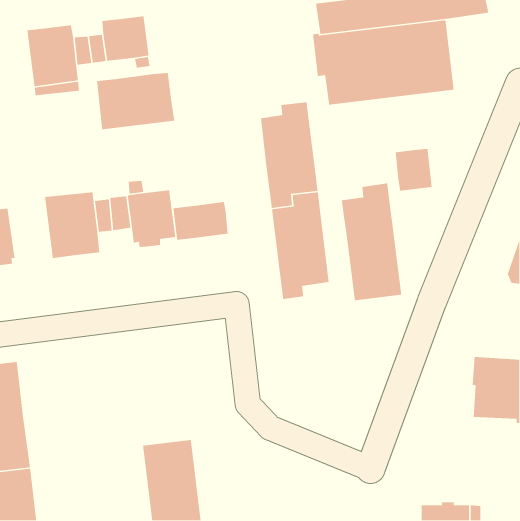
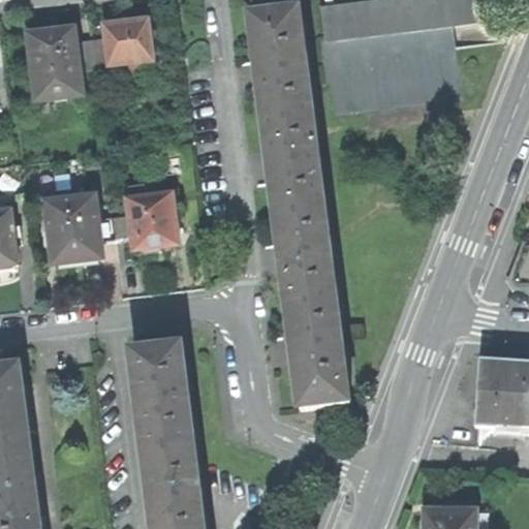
building: none -> [249,6,310,119]
building: [96,72,175,130] -> none
building: [395,148,433,192] -> none
building: [341,182,402,301] -> [285,285,347,405]
building: [173,201,229,241] -> none
building: none -> [131,343,193,449]

